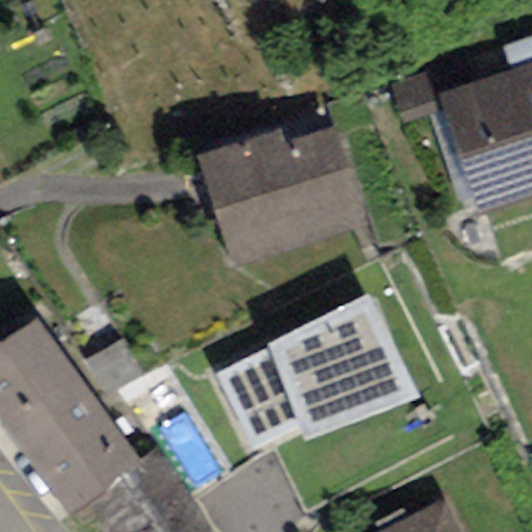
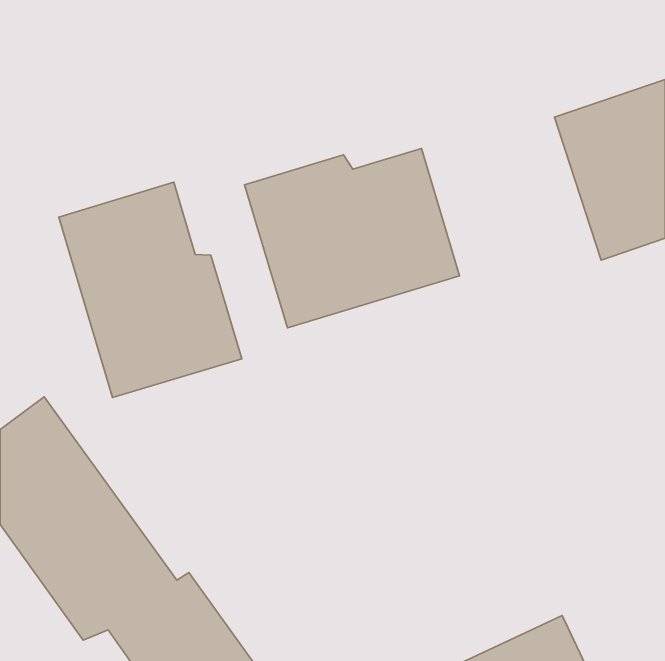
building: none -> [59,182,242,398]
building: [214,294,420,447] -> none

